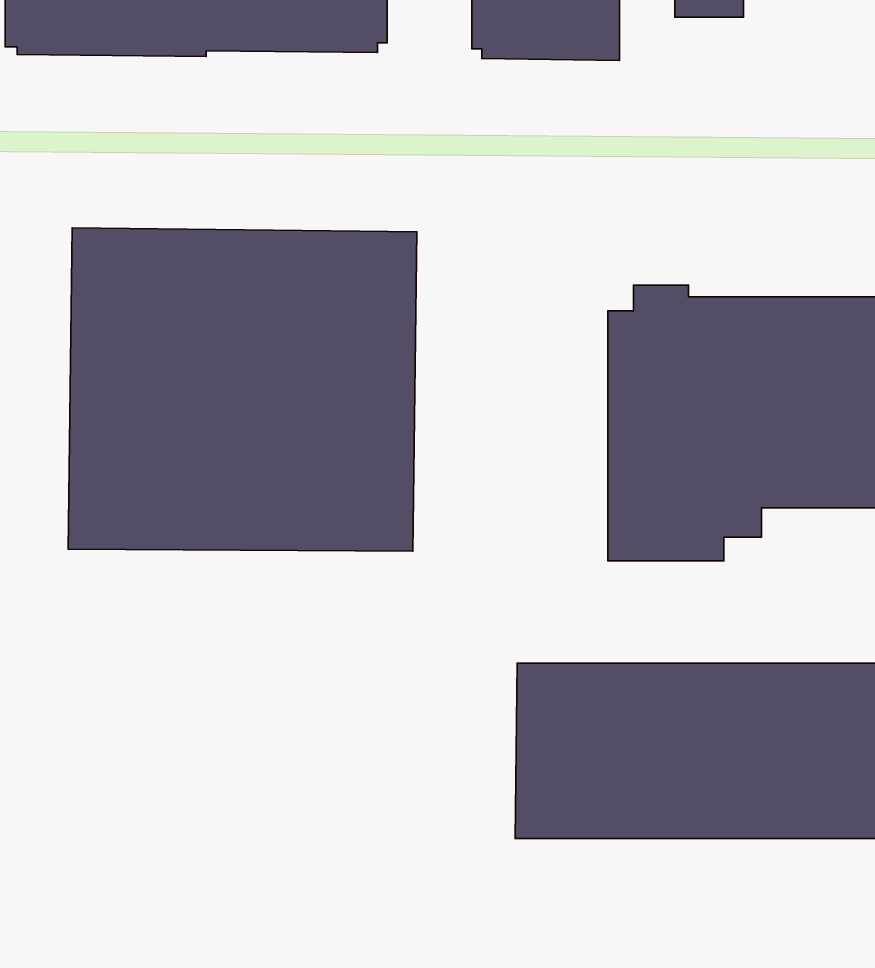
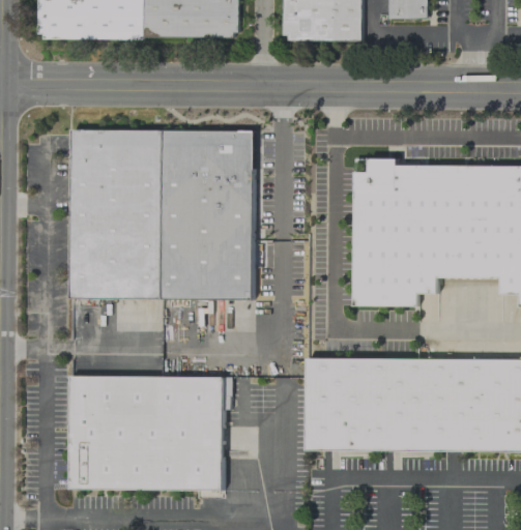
building: none -> [69,376,223,490]

